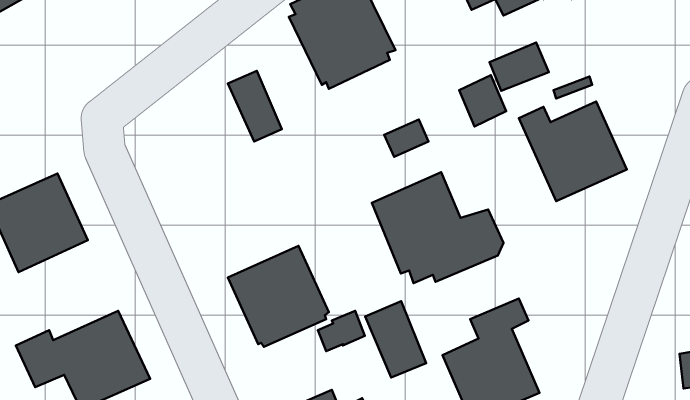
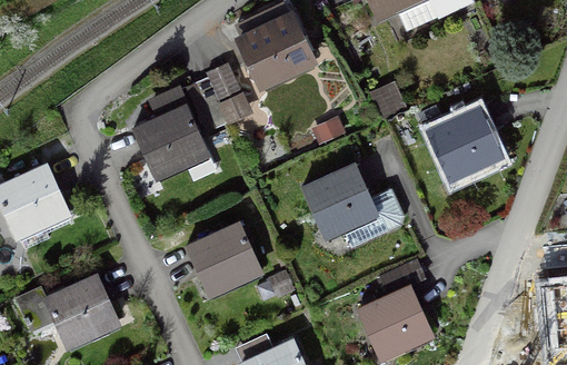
building: [490,42,549,91] -> none
building: none -> [205,63,252,126]
building: none -> [130,86,218,187]
building: [365,301,426,378] -> none

